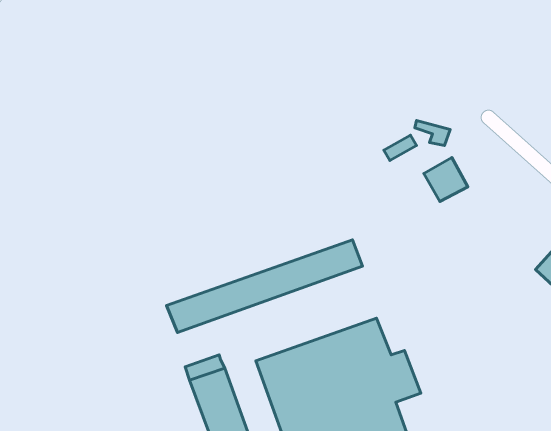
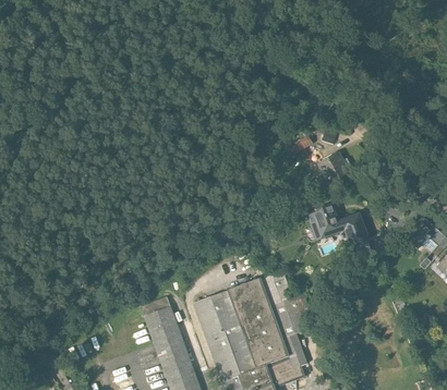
building: none -> [306,203,369,248]
building: [167,240,363,333] -> none

